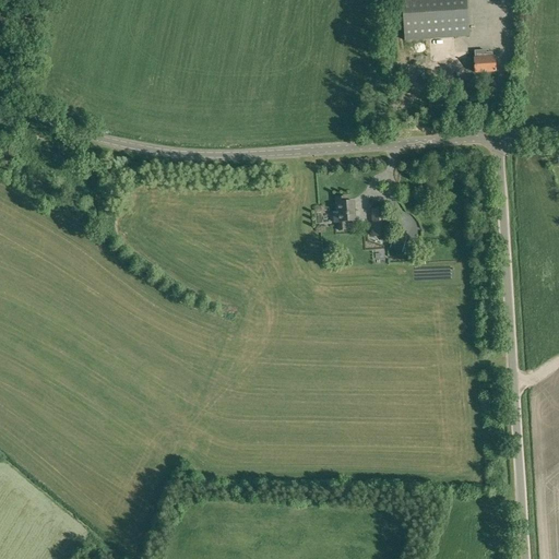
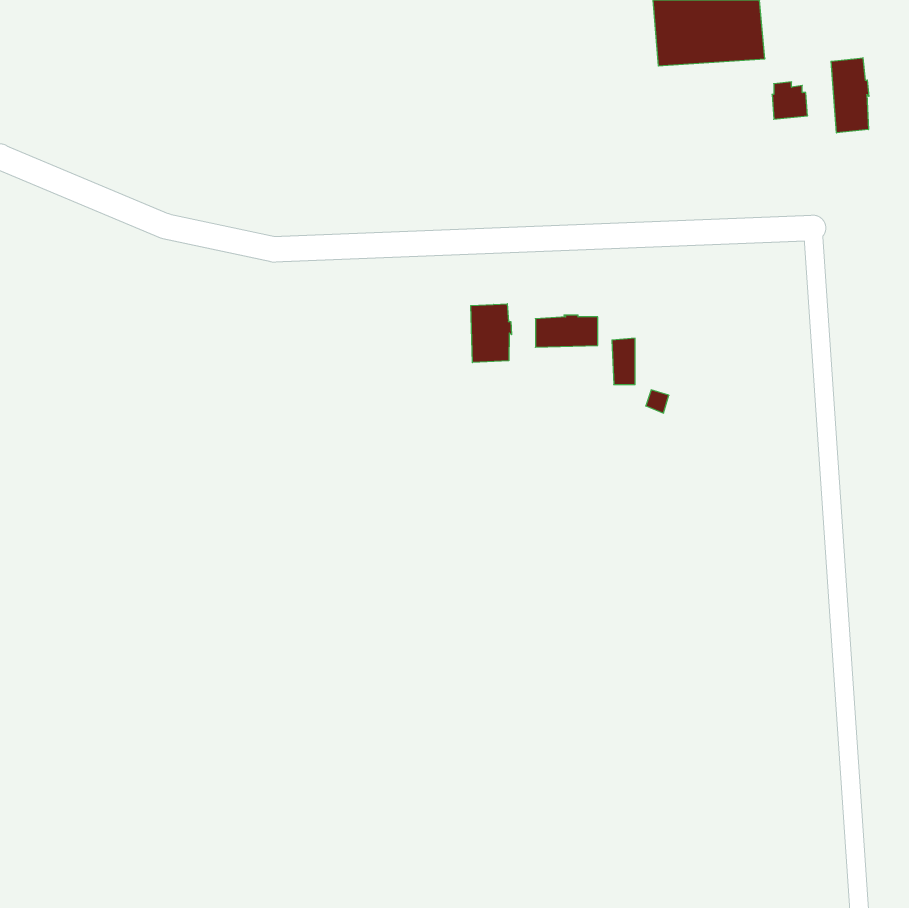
building: none -> [831,58,869,133]
building: none -> [471,304,512,363]

